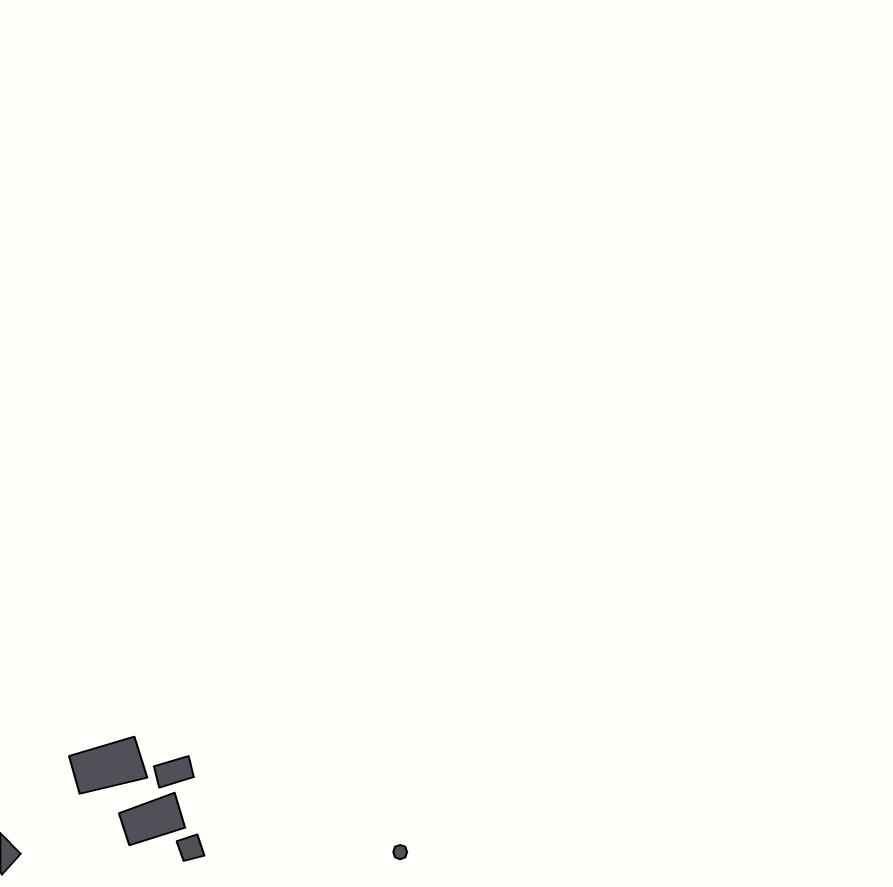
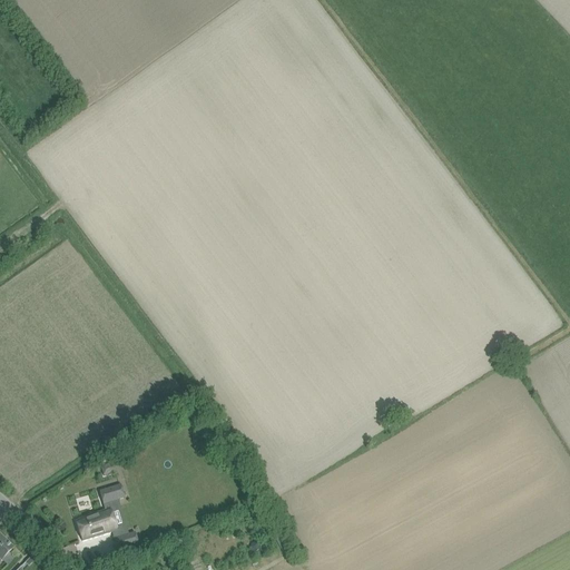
building: [69,737,147,794] -> none

